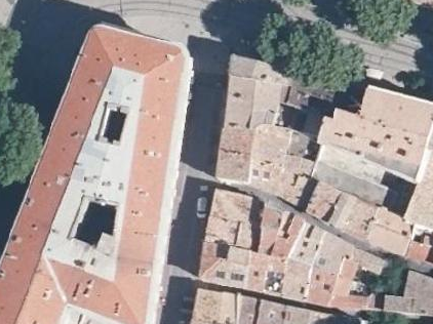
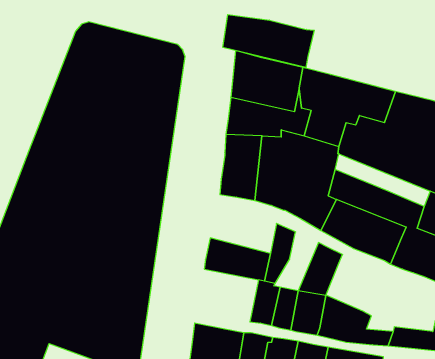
building: none -> [223,15,314,68]
building: [208,191,265,229] -> none
building: [263,210,301,260] -> none
building: [307,230,380,282] -> none
building: [198,242,249,287] -> none

